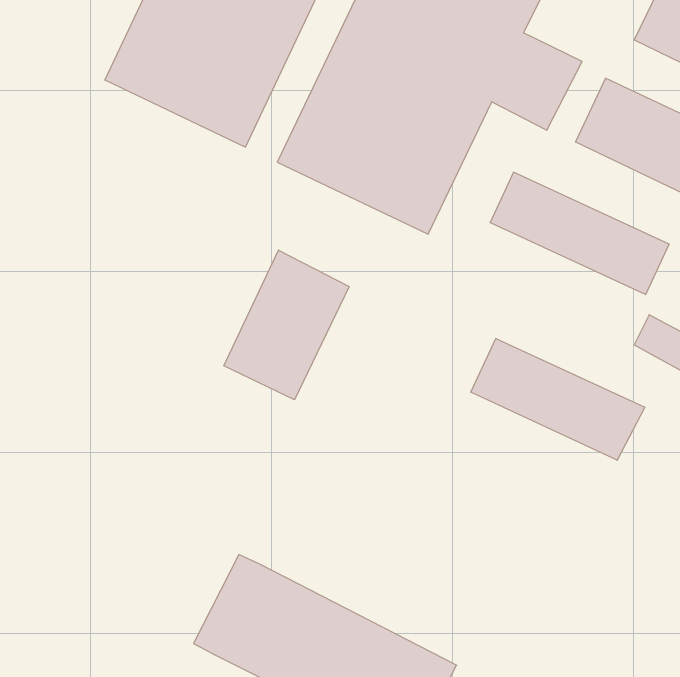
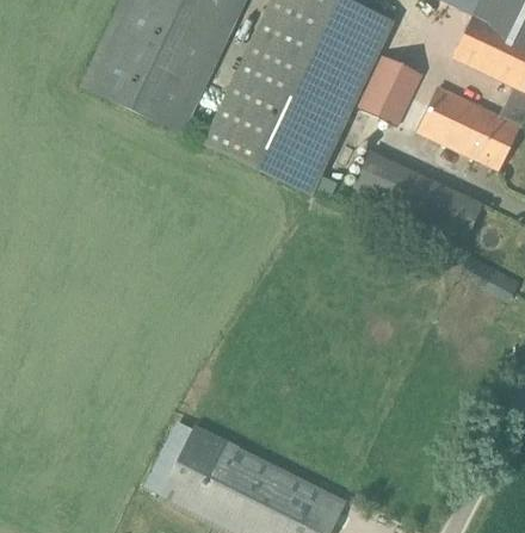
building: [224,250,349,400] -> none
building: [471,338,645,460] -> none

